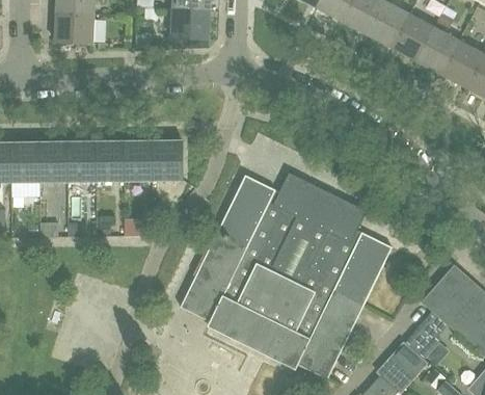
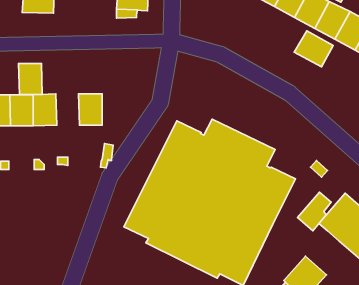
building: none -> [294,31,333,67]
building: [153,140,182,180] -> none
building: [96,141,125,180] -> [19,63,42,94]
building: [404,311,446,359] -> [298,192,331,231]

